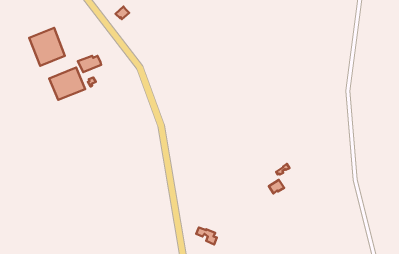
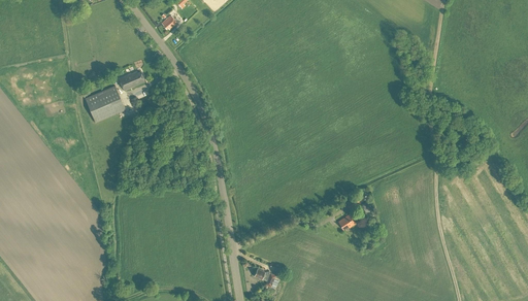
building: [29,28,65,66] -> none

